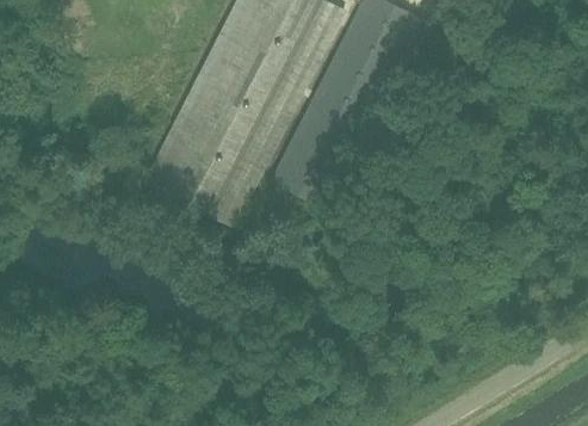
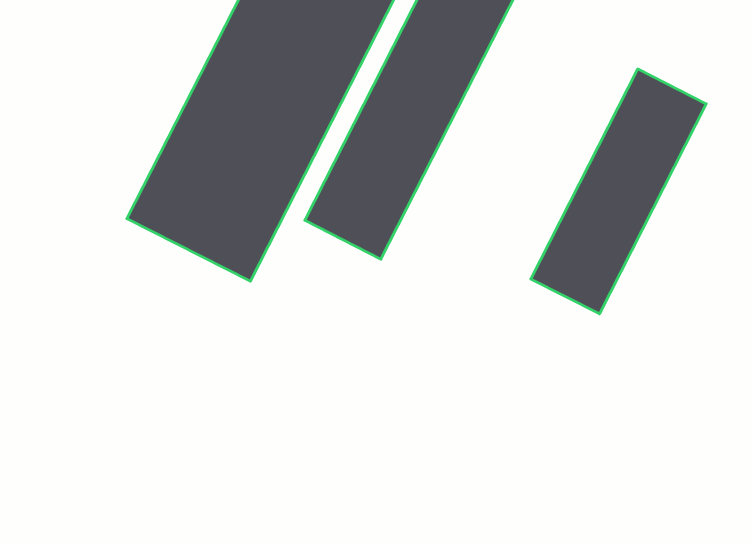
building: none -> [531,69,706,314]

